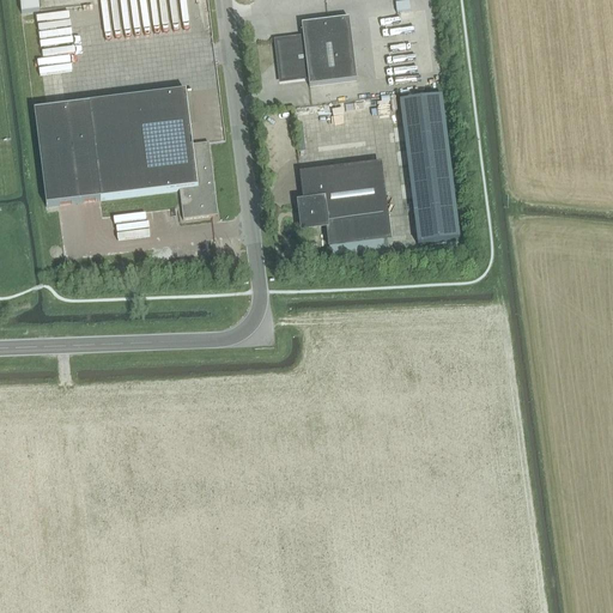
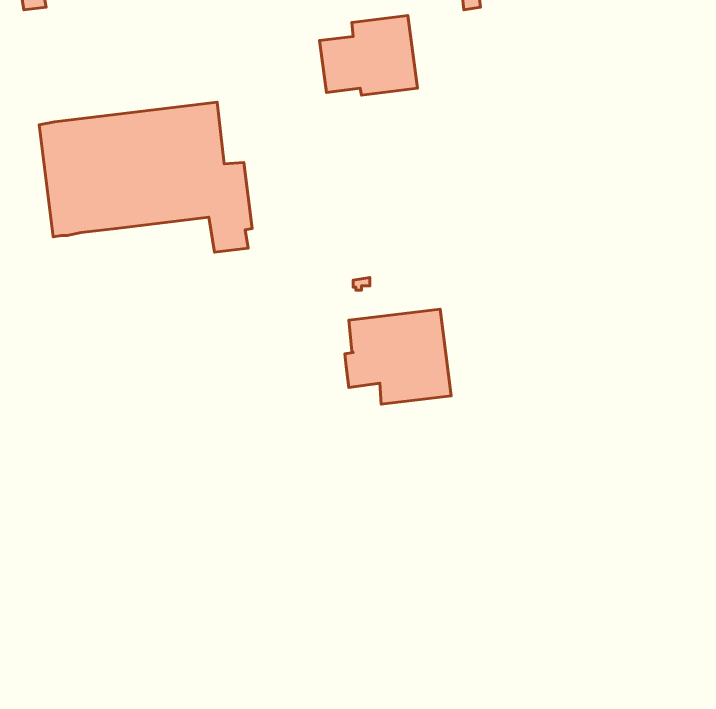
building: [399,92,459,239] -> none
building: [296,159,387,241] -> [345,309,451,404]

